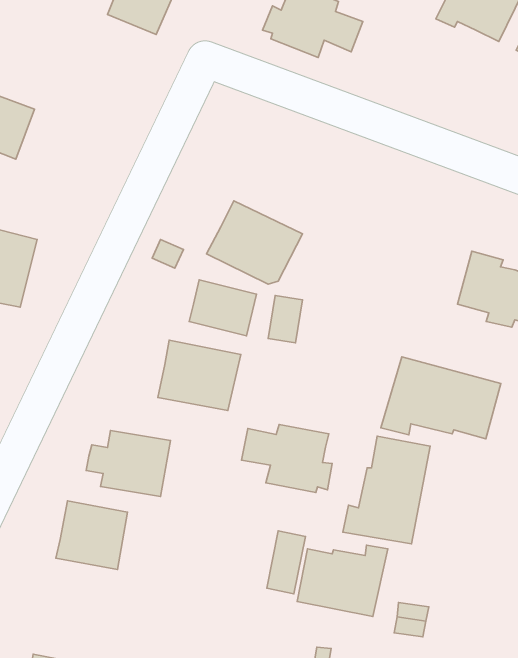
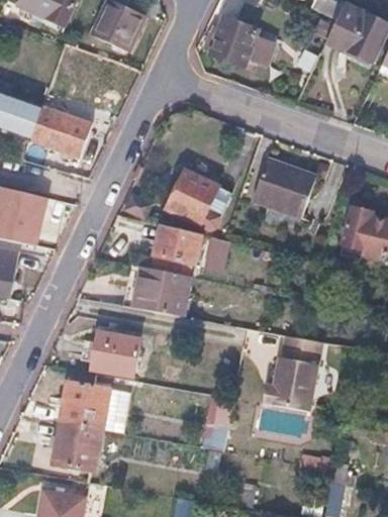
building: none -> [29,105,93,159]
building: none -> [253,162,315,220]
building: [381,357,501,439] -> none
building: [241,424,332,492] -> none
building: [297,545,388,617] -> none
building: none -> [51,421,101,470]

